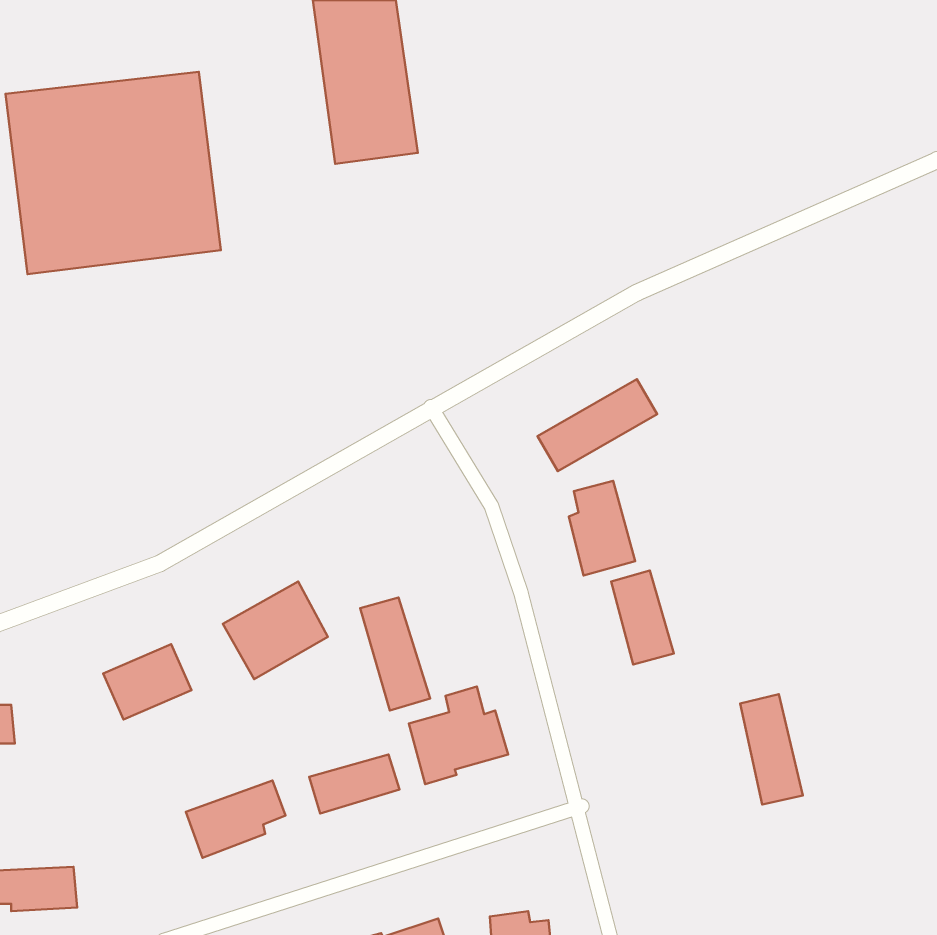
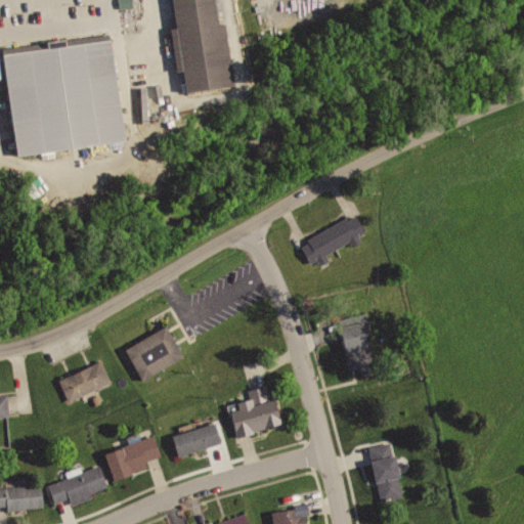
building: [569,481,635,575] -> none
building: [360,597,430,710] -> none
building: [740,694,803,805] -> [368,441,403,503]
building: none -> [47,465,105,506]

